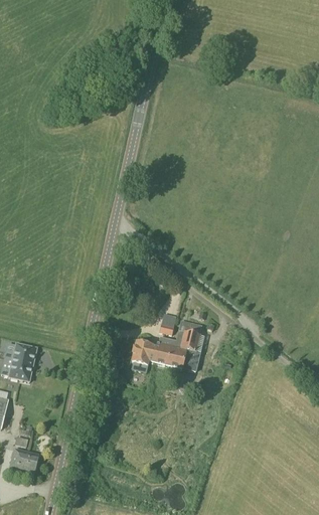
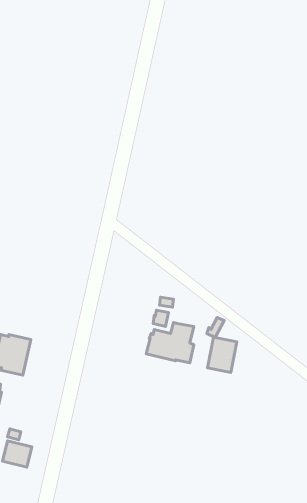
building: [132,341,157,364] -> none
building: none -> [207,337,237,372]

